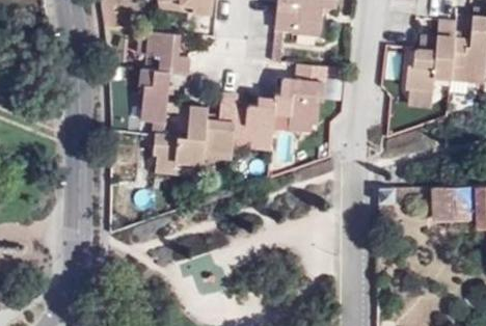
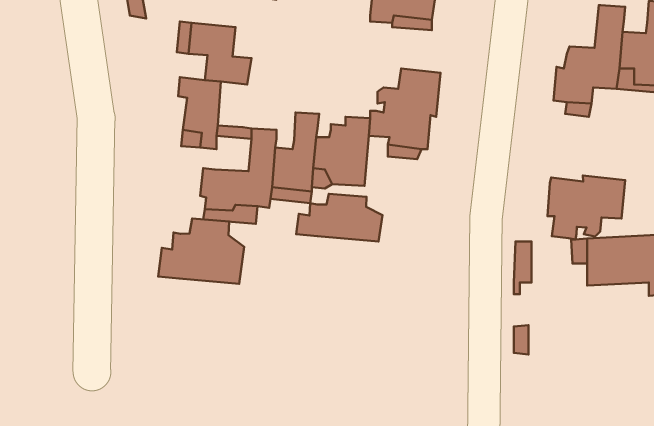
building: none -> [547,176,625,240]
building: none -> [296,194,383,242]
building: none -> [158,218,244,284]

